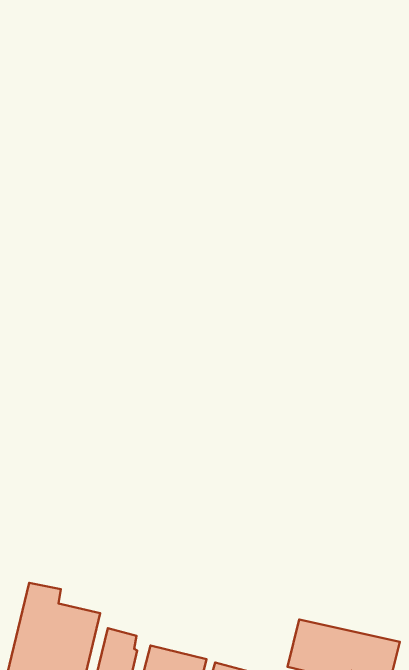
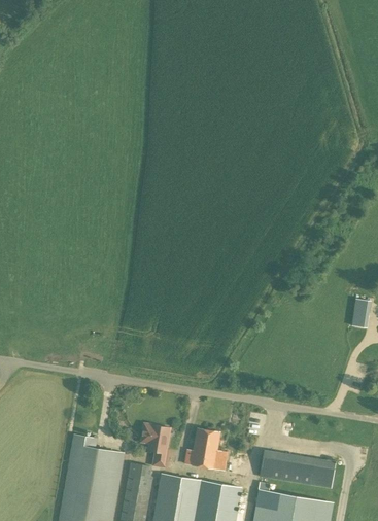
building: none -> [142,424,170,468]
building: none -> [184,428,228,471]

